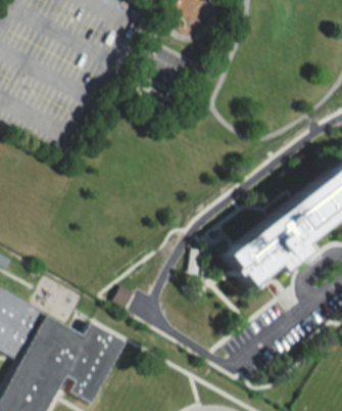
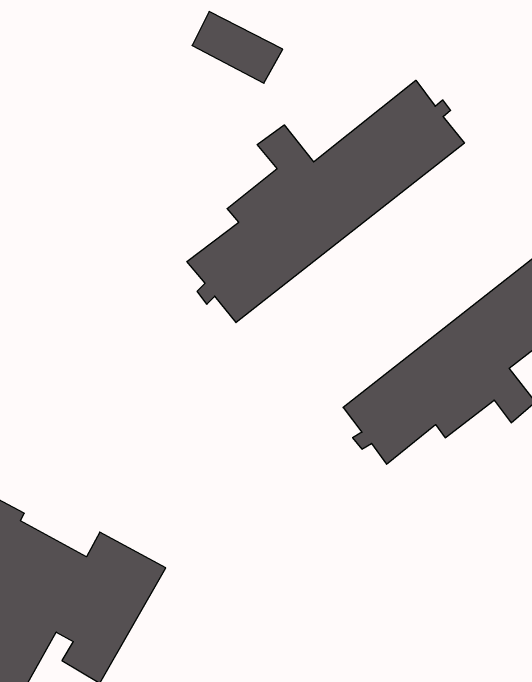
building: none -> [187,80,464,323]

